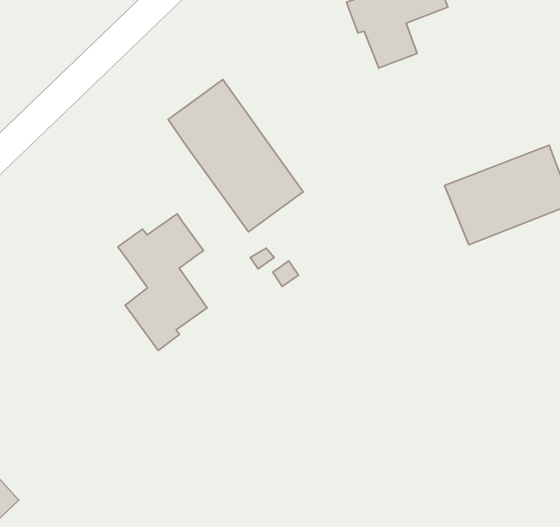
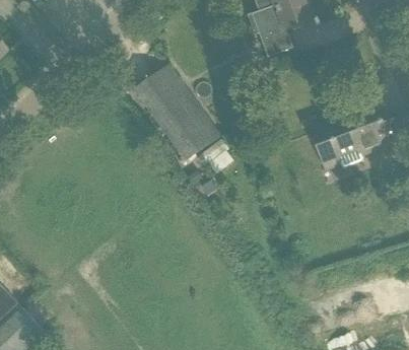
building: [118,214,207,350] -> none

